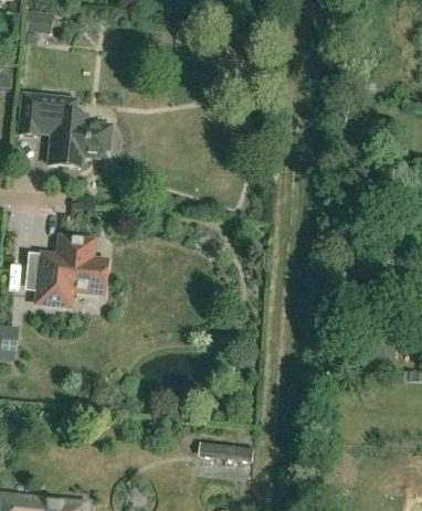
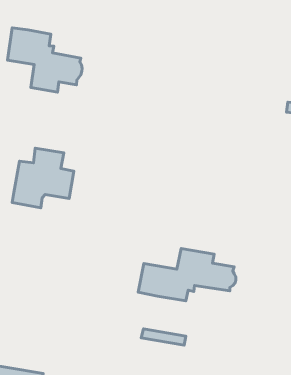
building: none -> [138,248,236,301]

